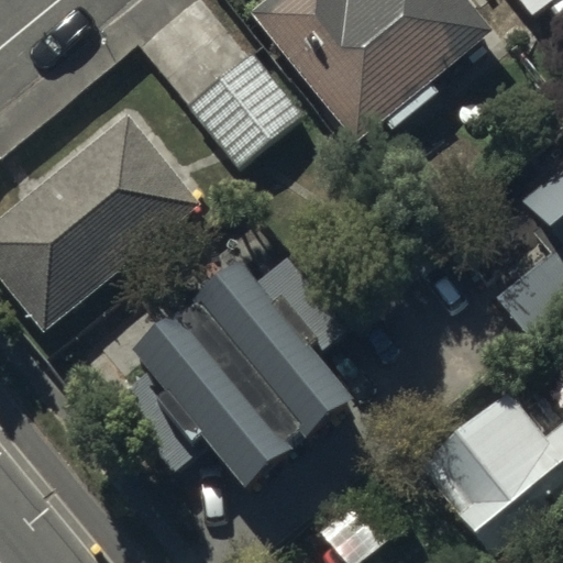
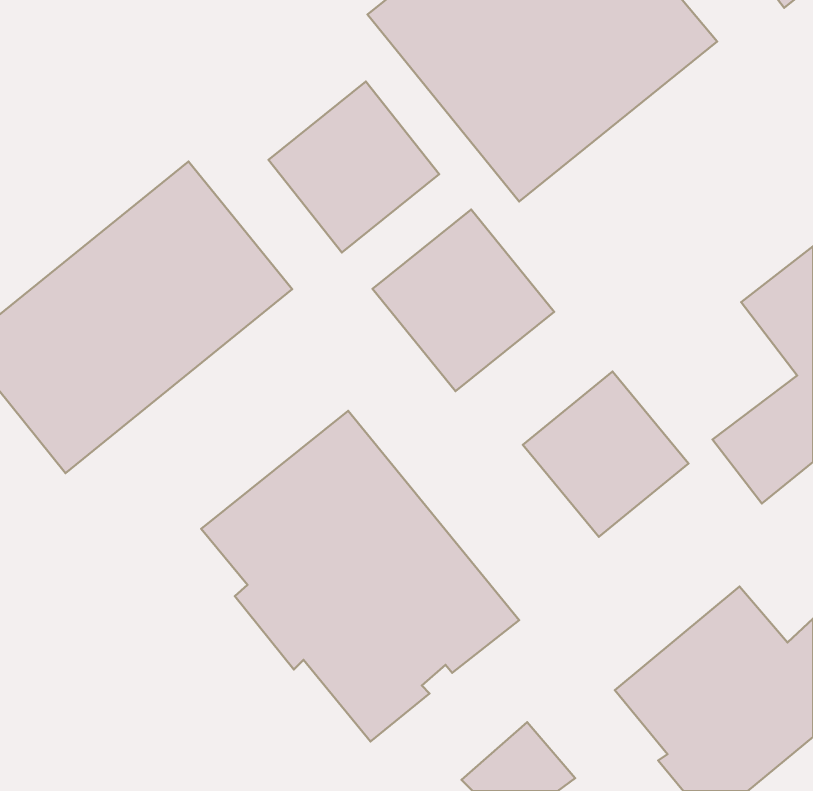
building: none -> [372,210,554,391]
building: none -> [523,371,689,537]

